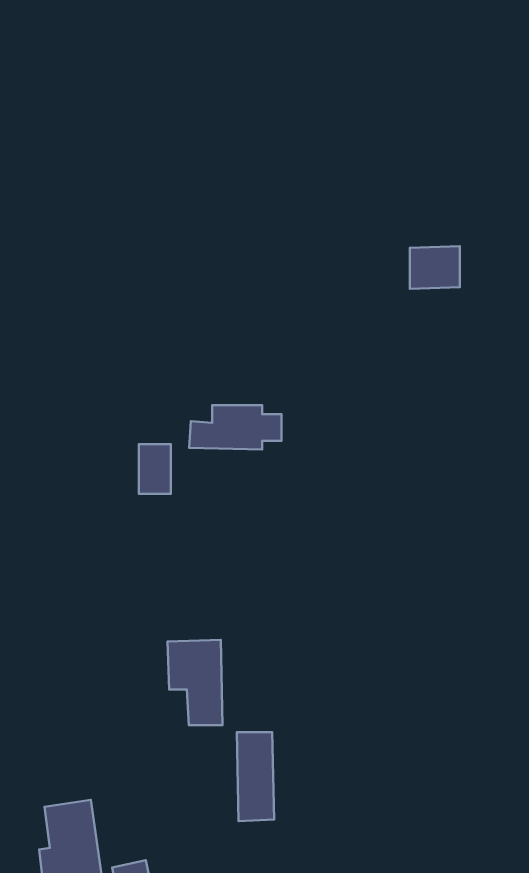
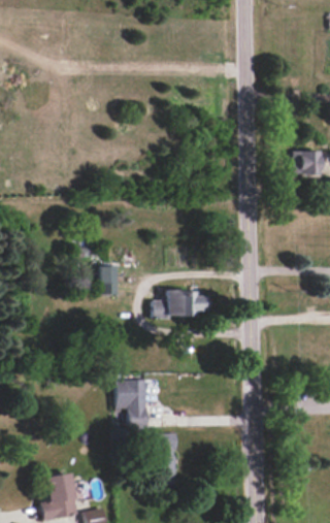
building: [410,246,460,289] -> [293,150,322,174]
building: [189,405,282,450] -> [153,290,206,316]

